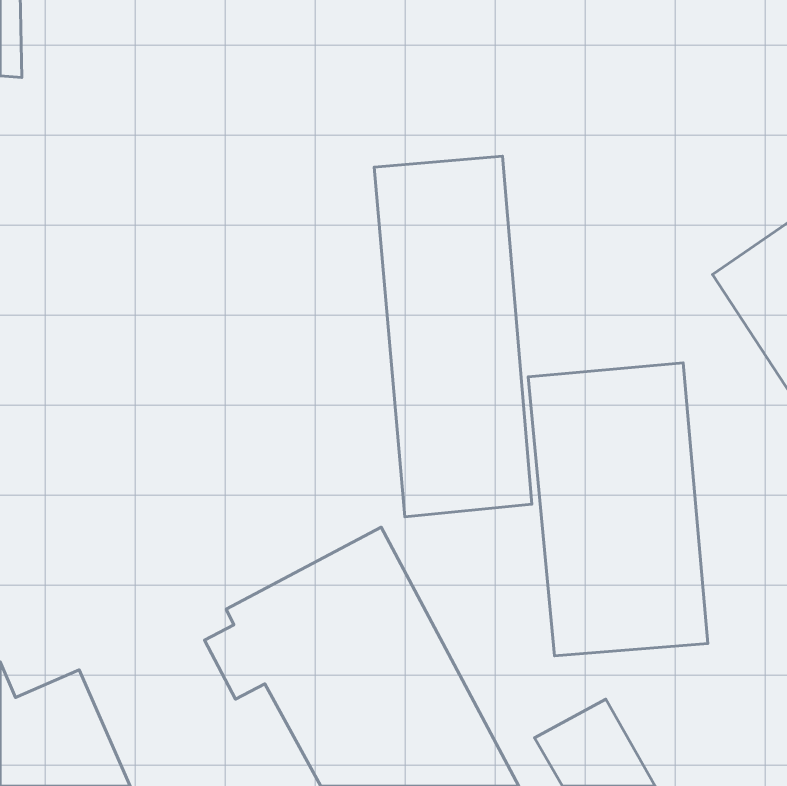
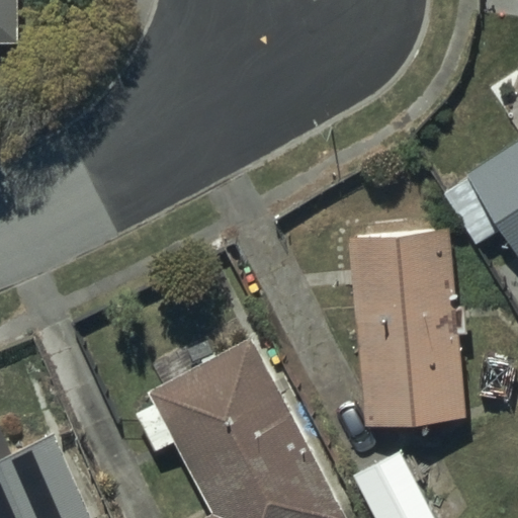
building: [374,156,532,517] -> none

